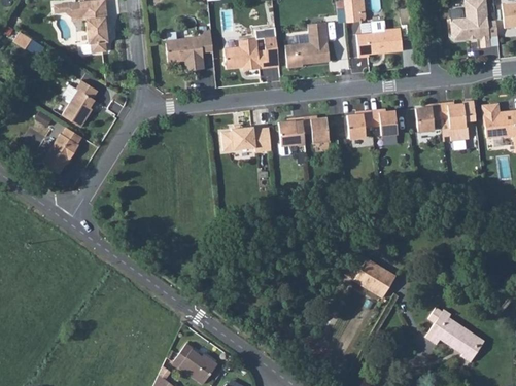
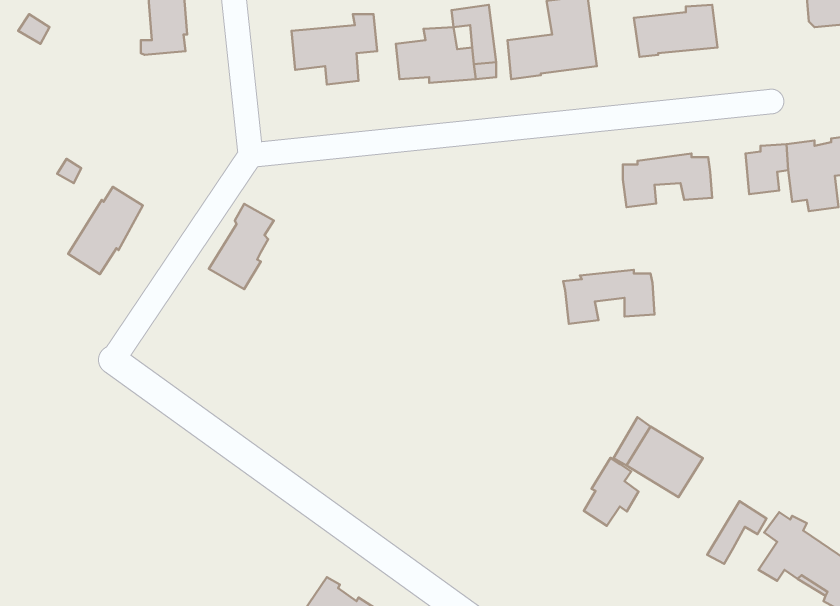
building: [62,79,98,127] -> [209,204,274,289]
building: [279,116,330,146] -> [563,270,654,324]
building: [223,125,273,150] -> none
building: none -> [584,458,639,526]
building: none -> [707,501,766,564]

